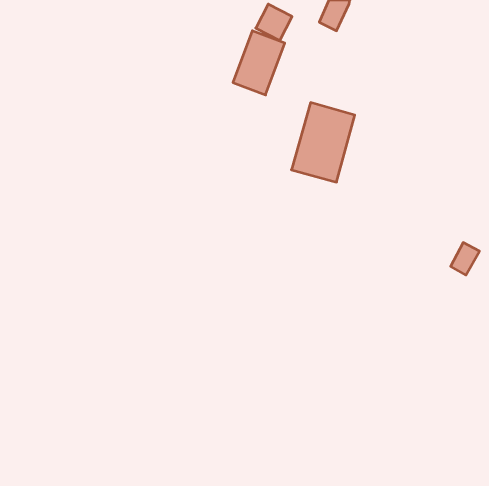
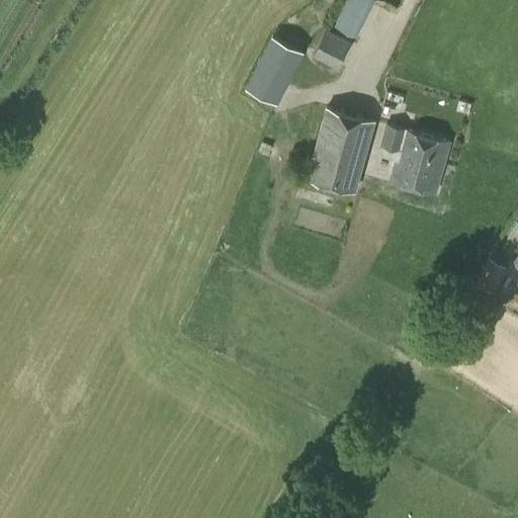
building: [256,4,292,41] -> [312,31,350,70]
building: none -> [381,128,450,197]

